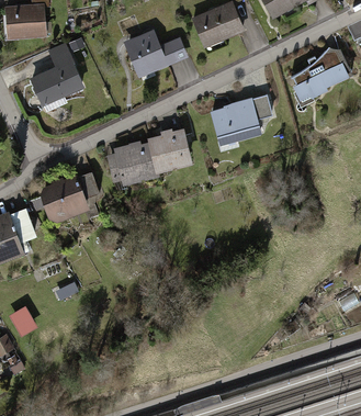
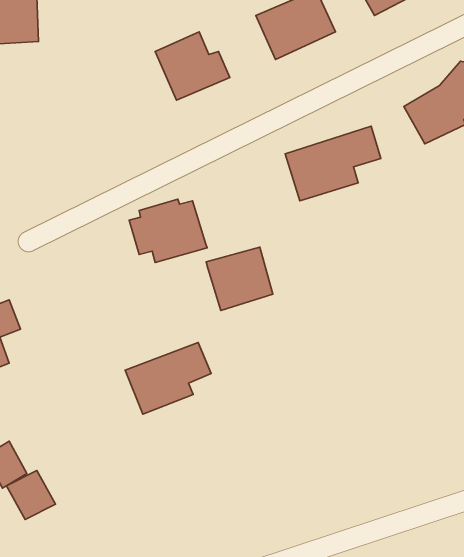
building: [32,52,84,104] -> none
building: [148,128,193,171] -> [206,247,273,311]
building: [43,170,101,218] -> [125,343,211,414]
building: none -> [7,471,55,520]

